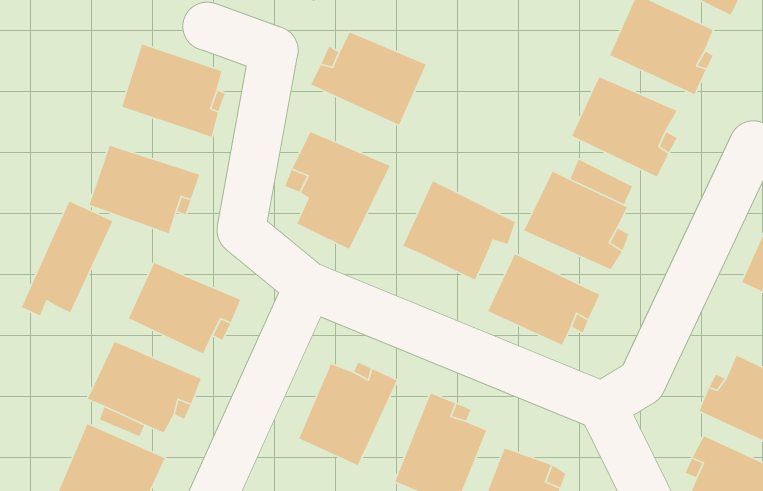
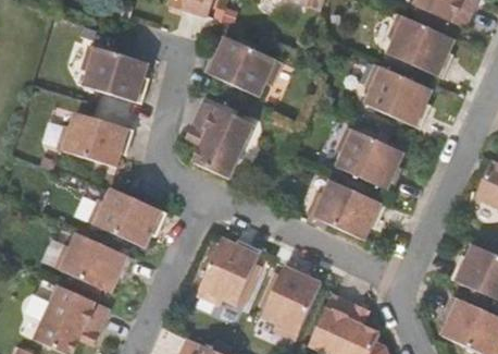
building: [402,180,516,281] -> none
building: [21,200,114,316] -> none

